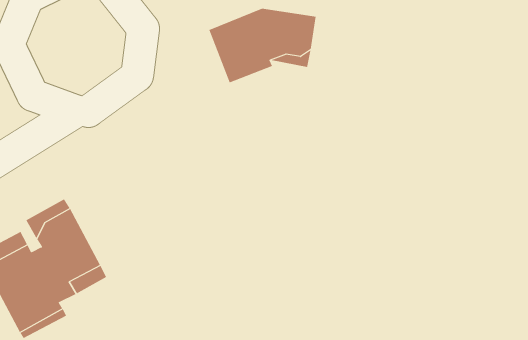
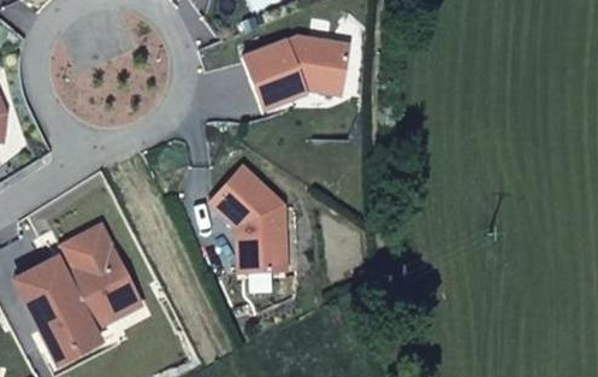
building: none -> [208,165,286,271]

